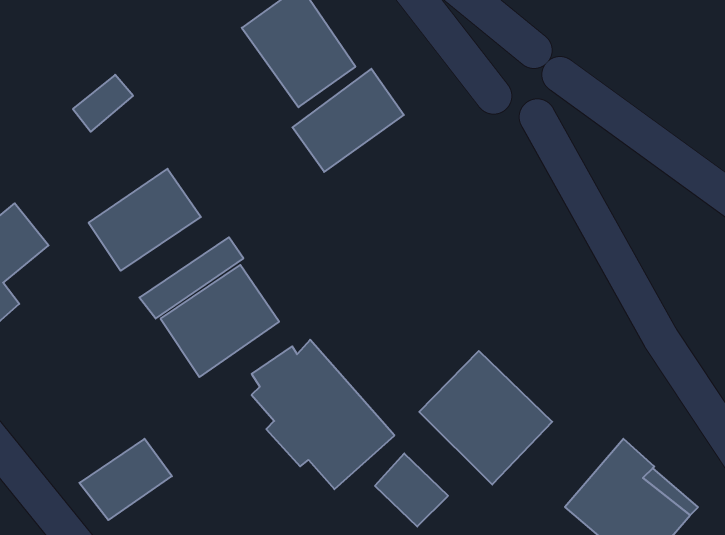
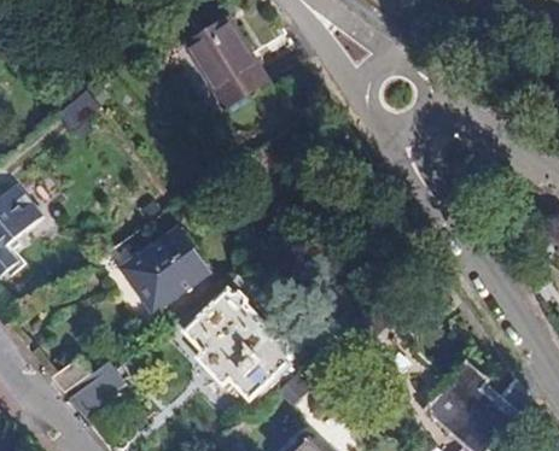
building: [292,69,404,172] -> none
building: [89,169,201,271] -> none
building: [419,351,552,485] -> none

